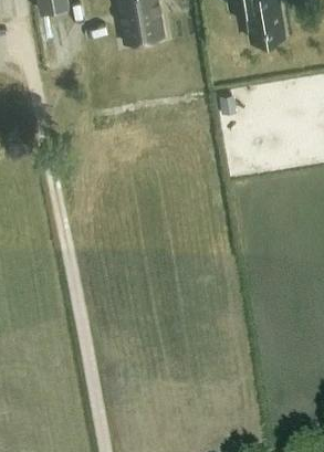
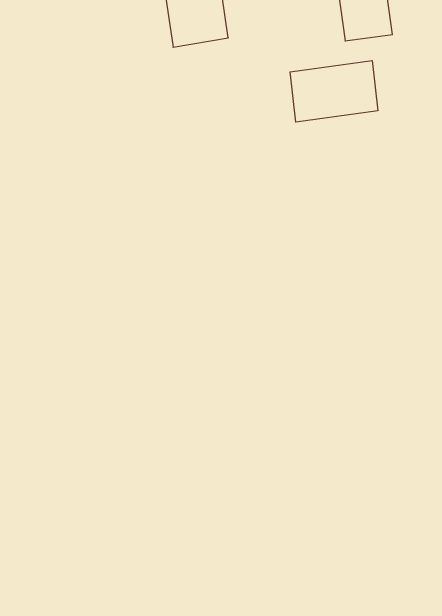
building: none -> [290,61,378,122]

